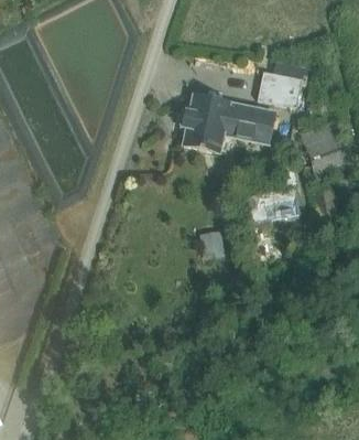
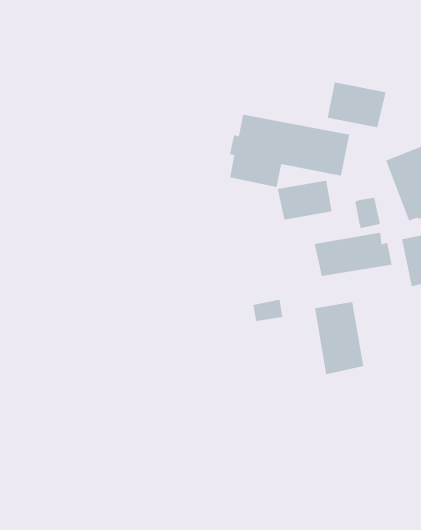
building: none -> [277,180,333,220]
building: none -> [314,301,364,375]

